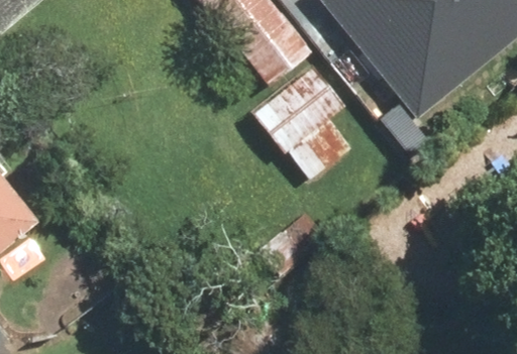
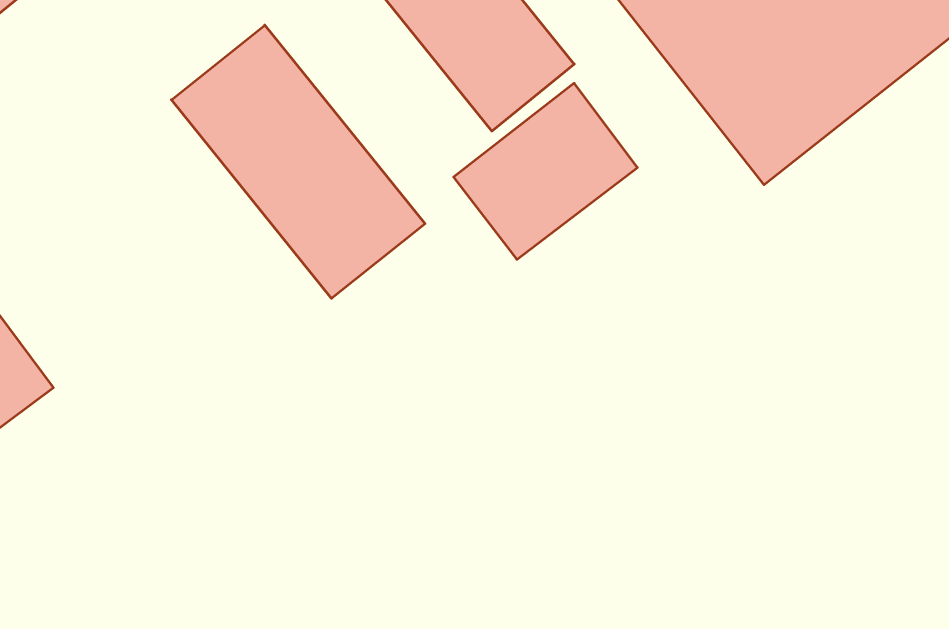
building: none -> [171,25,425,298]

